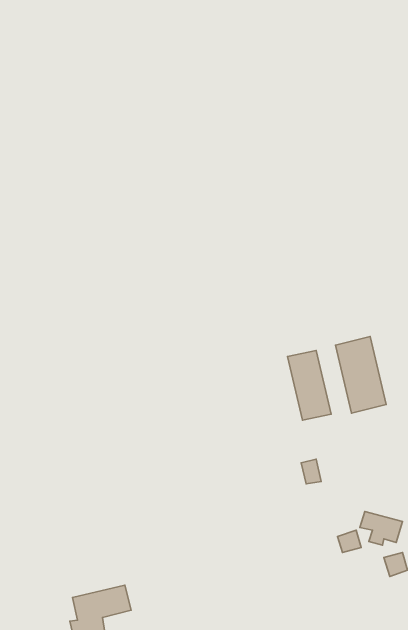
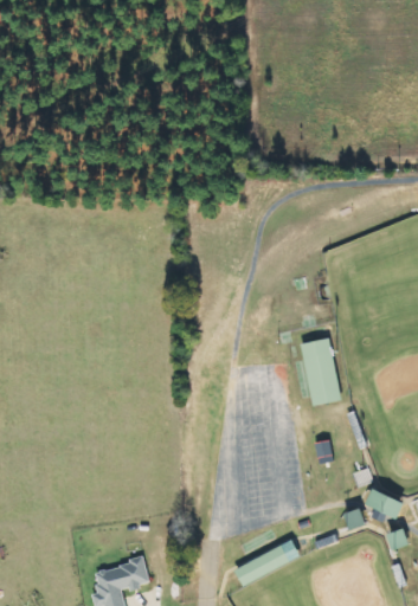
building: [336,337,386,413] -> none
building: none -> [232,546,288,587]

